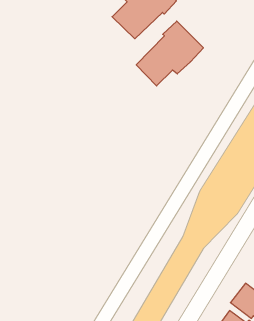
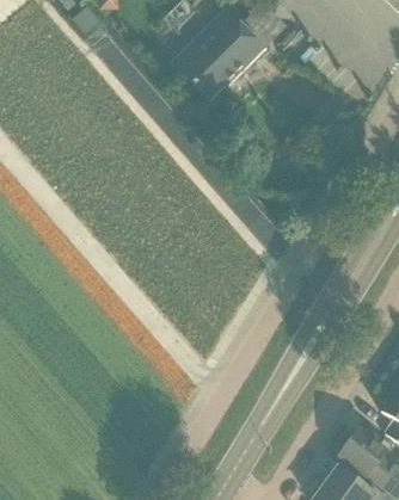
building: [136,21,203,86] -> none

